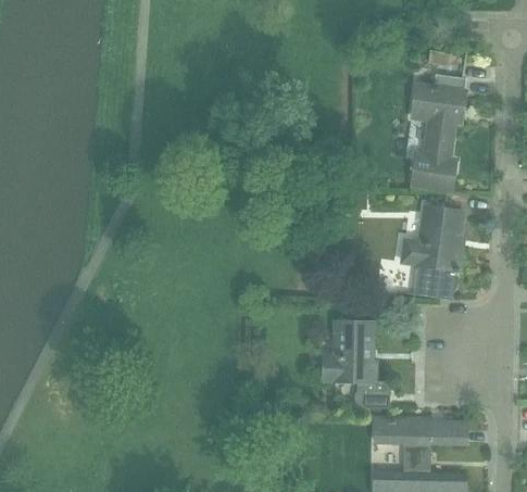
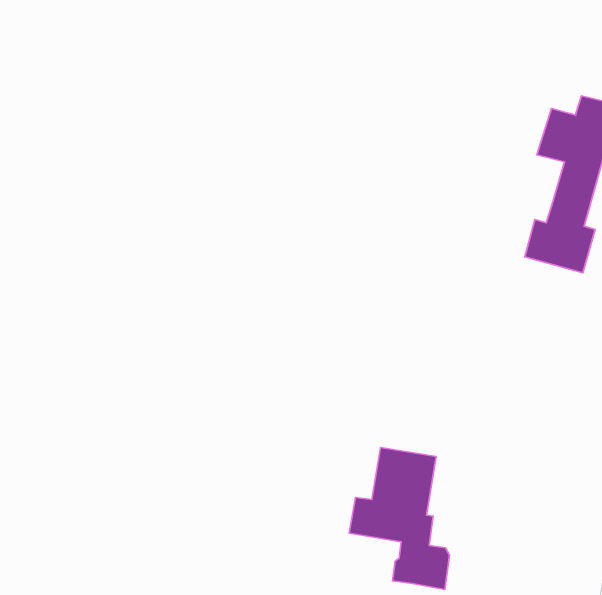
building: [402,206,462,300] -> none

